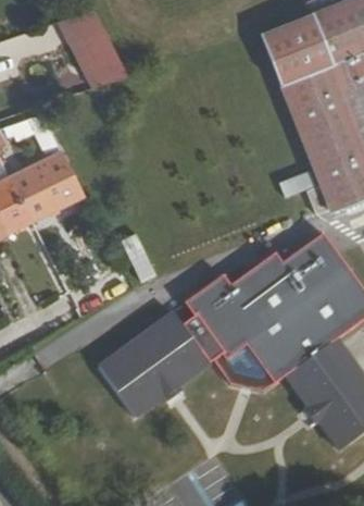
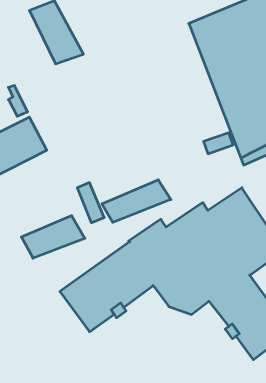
building: none -> [102,180,171,222]
building: none -> [21,216,85,258]

